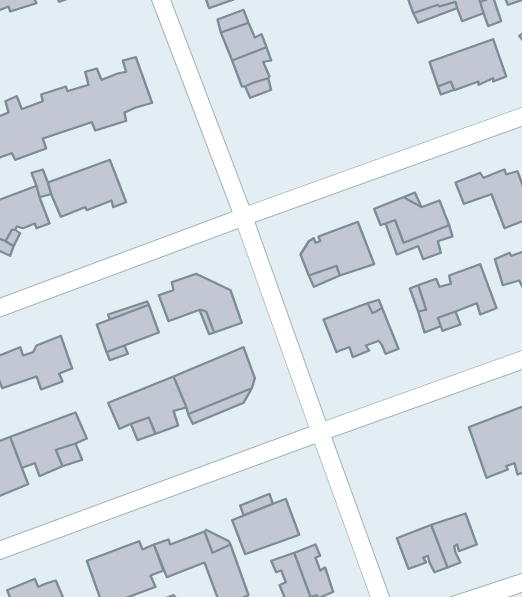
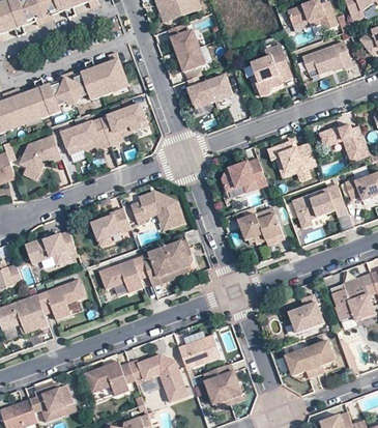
building: none -> [251,44,291,95]
building: none -> [190,75,231,108]
building: none -> [99,104,146,145]
building: none -> [287,295,322,334]

